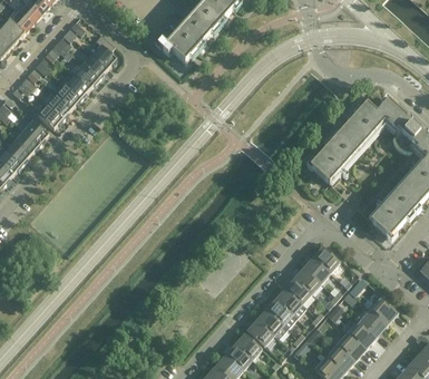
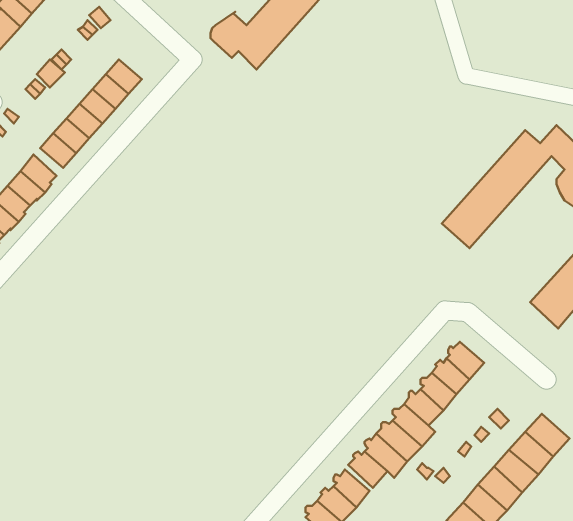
building: [90,33,115,68] -> none

